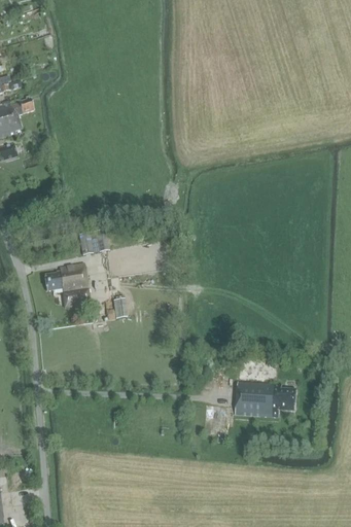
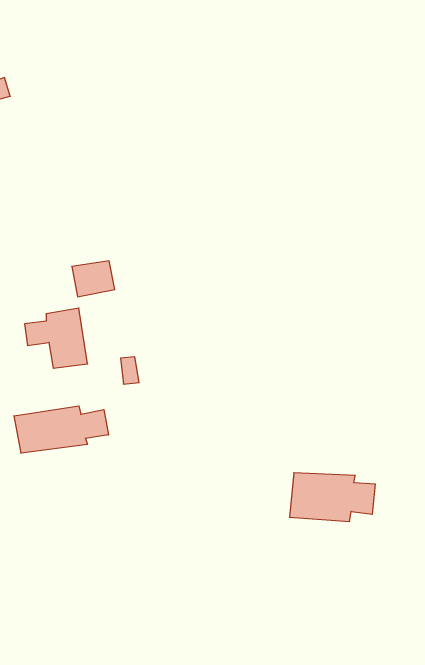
building: none -> [14,406,109,453]

